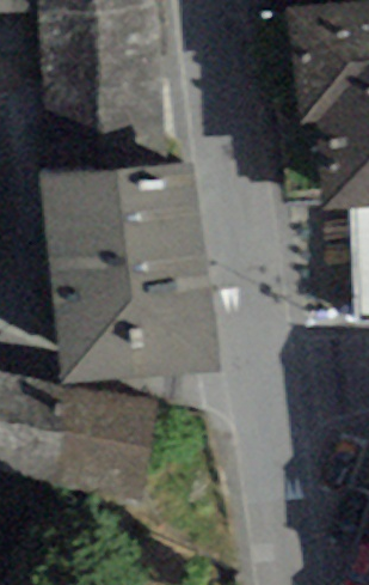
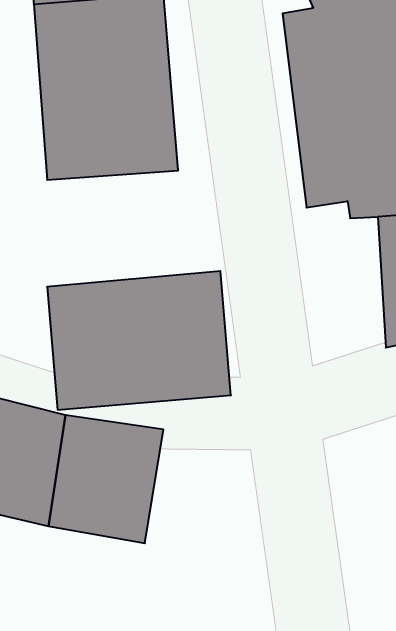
building: [41,159,205,268] -> none

